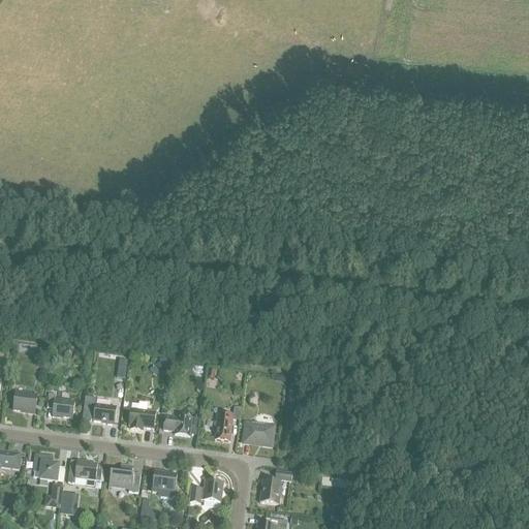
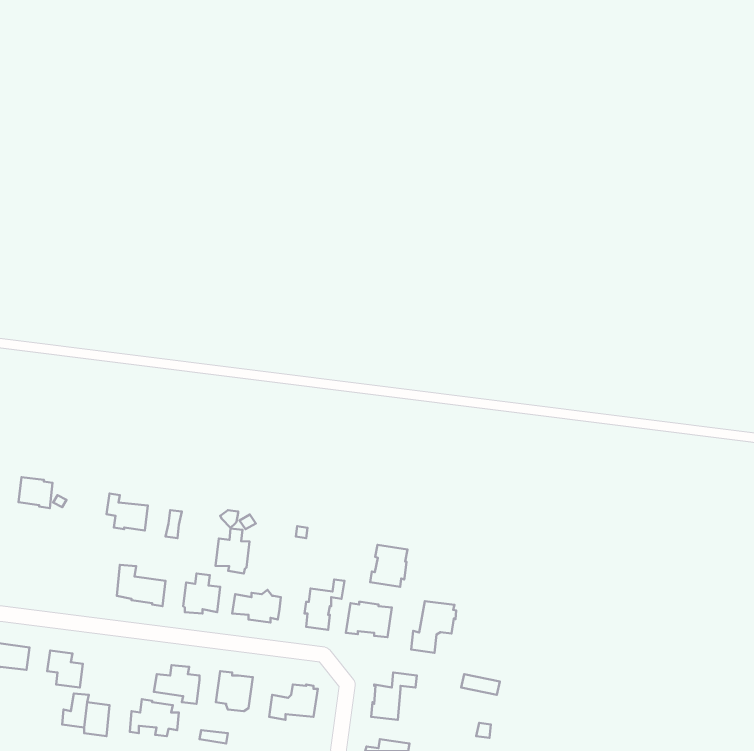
building: none -> [216,528,249,573]
building: none -> [370,545,408,587]
building: [12,391,36,412] -> [19,477,53,508]
building: [45,392,74,417] -> [107,494,148,530]
building: none -> [411,601,456,653]
building: [67,459,101,485] -> [130,699,179,736]

